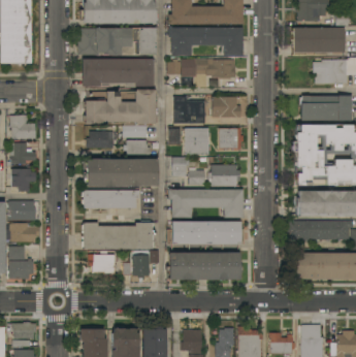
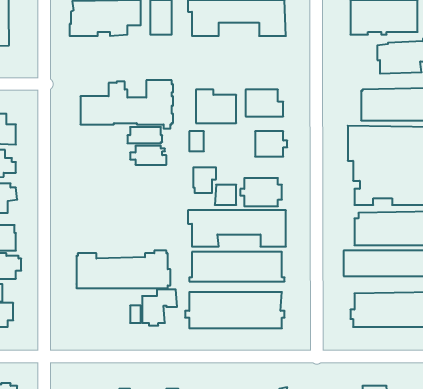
building: [82,58,154,87] -> none
building: [167,58,235,87] -> none
building: [185,127,209,154] -> none
building: [86,131,114,148] -> none
building: [83,158,157,186] -> none
building: [83,190,139,207] -> none
building: [88,254,115,272] -> none

